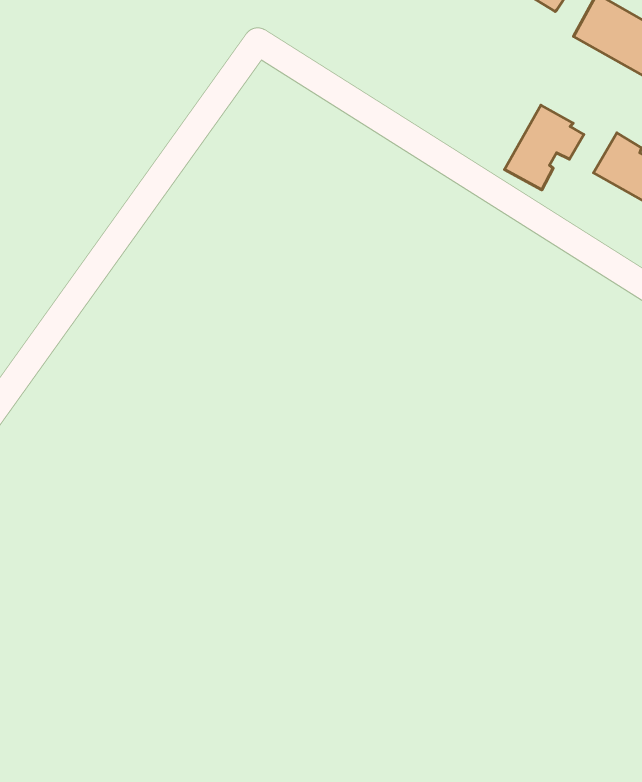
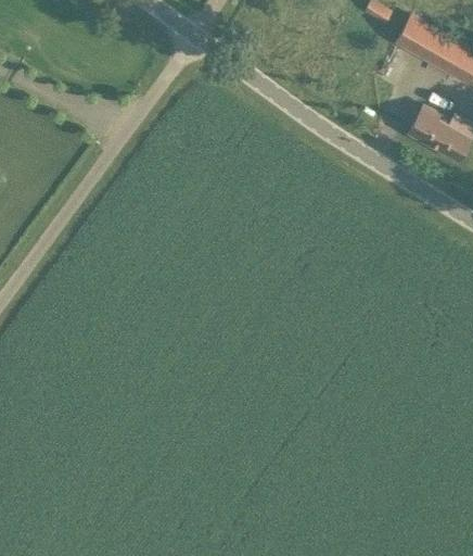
building: [504,105,584,190] -> none

